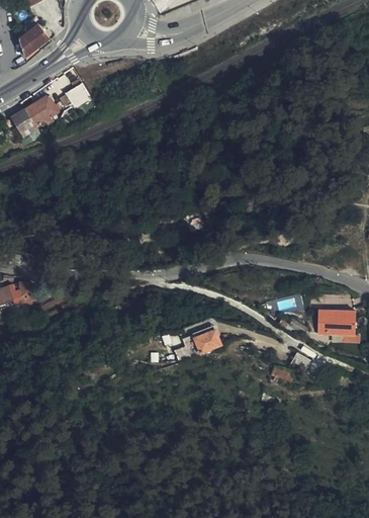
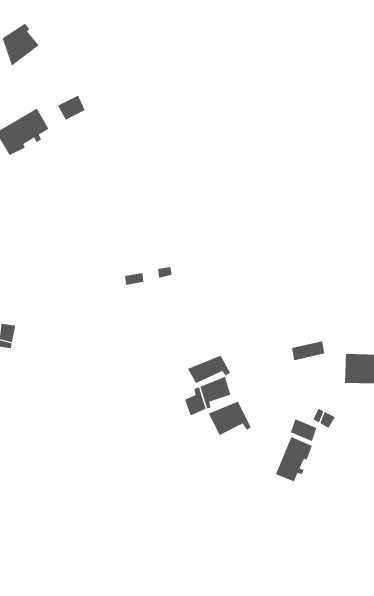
building: none -> [187,355,231,384]
building: none -> [208,401,252,436]
building: none -> [275,436,312,482]

